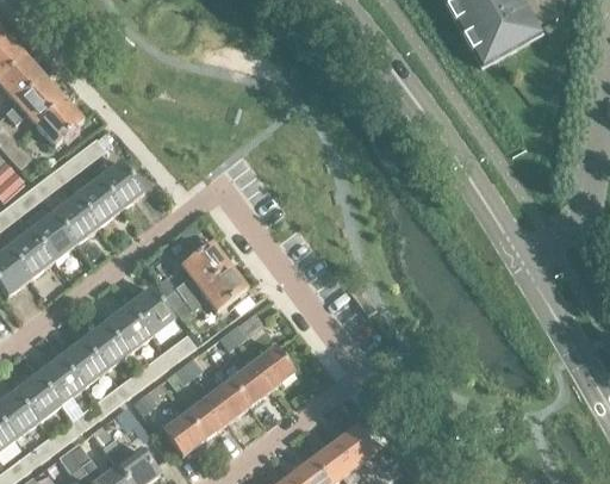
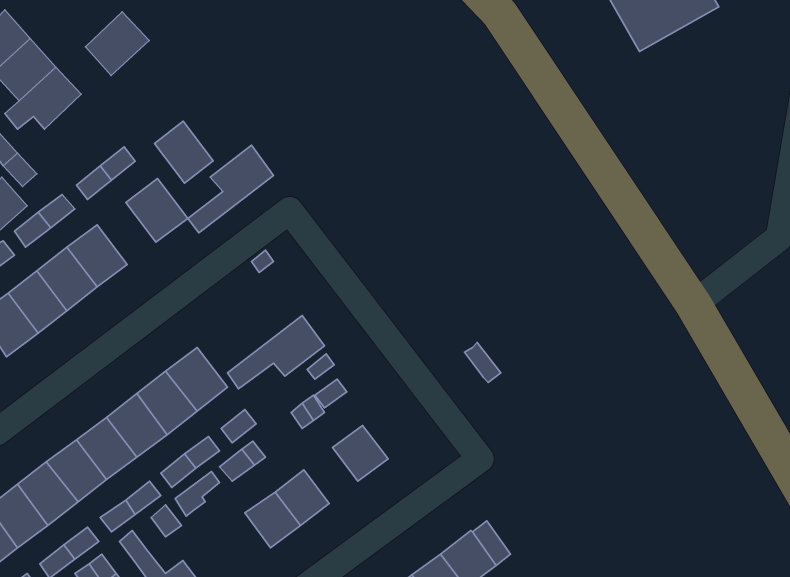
building: [36,99,83,147] -> [86,12,149,75]
building: [75,180,119,227] -> [154,121,213,183]
building: [164,242,229,308] -> [188,145,274,233]
building: [230,364,270,405] -> none
building: [163,412,205,455] -> none

